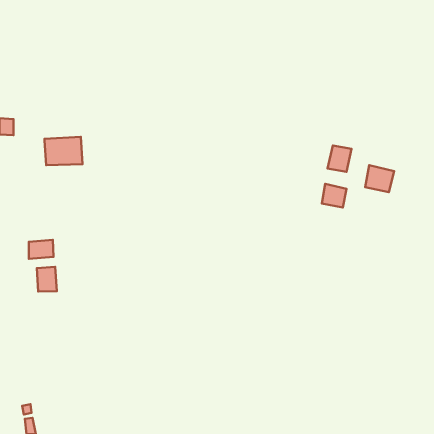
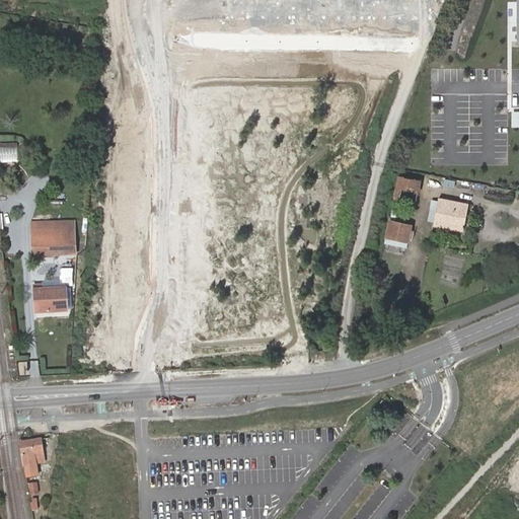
building: [44,137,83,165] -> [30,221,76,254]
building: [37,267,57,291] -> none
building: none -> [19,436,42,460]

